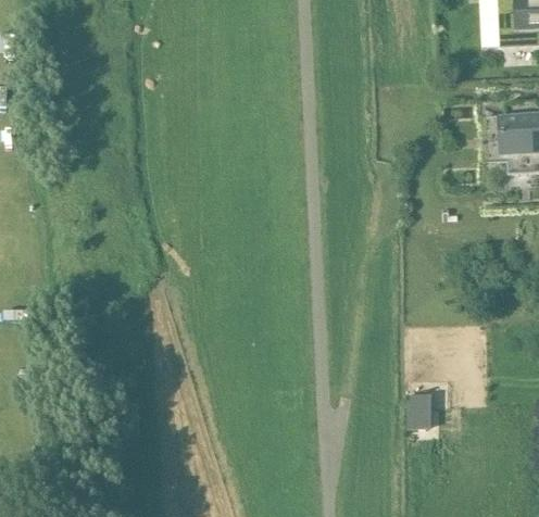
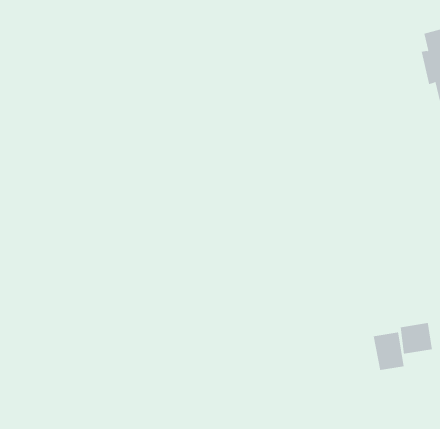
building: none -> [400,322,433,355]

